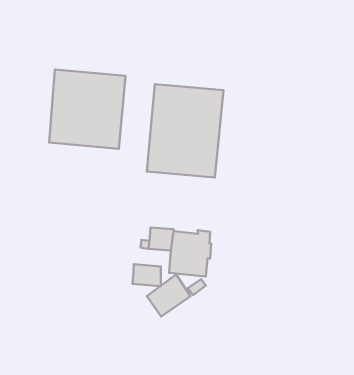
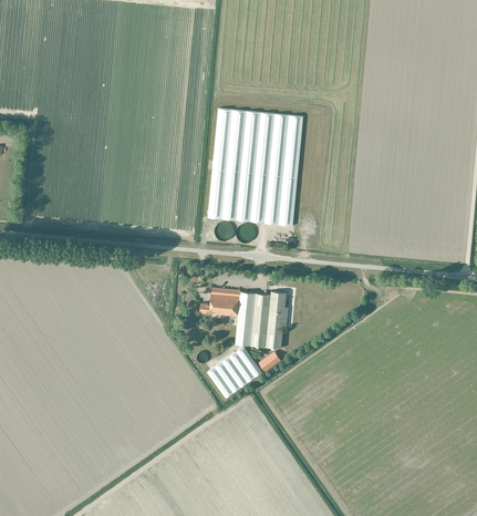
building: [49,69,125,149] -> none
building: [132,264,161,286] -> none

